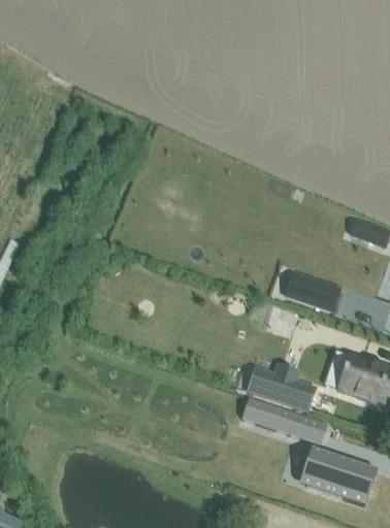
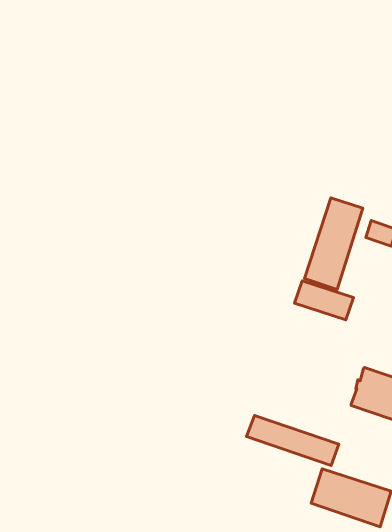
building: none -> [305,198,363,289]
building: [248,367,315,409] -> none

